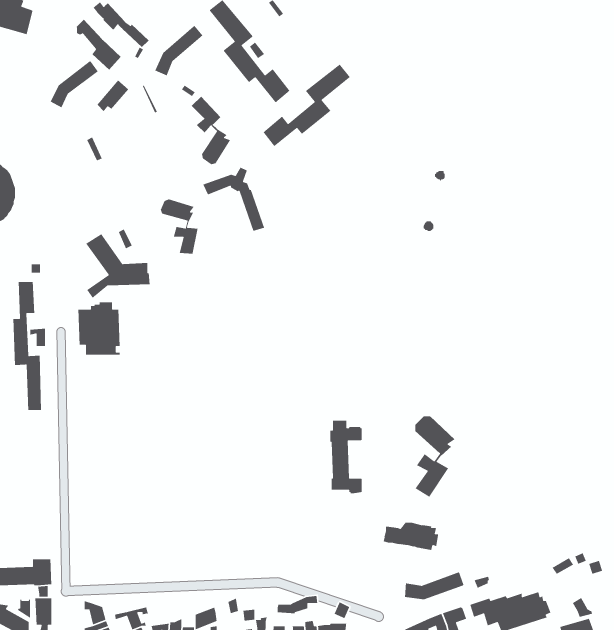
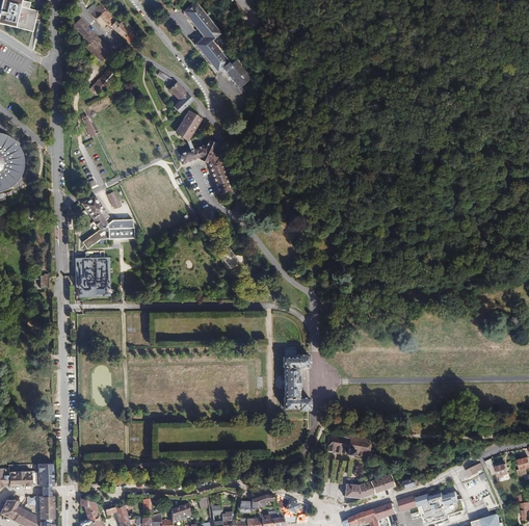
building: [154,25,203,76] -> none
building: [50,61,99,108] -> none
building: [262,64,351,147] -> none
building: [160,198,199,255] -> none
building: [13,281,42,411] -> none
building: [414,416,456,498] -> none

